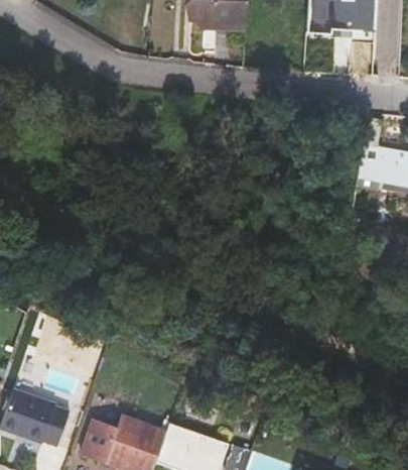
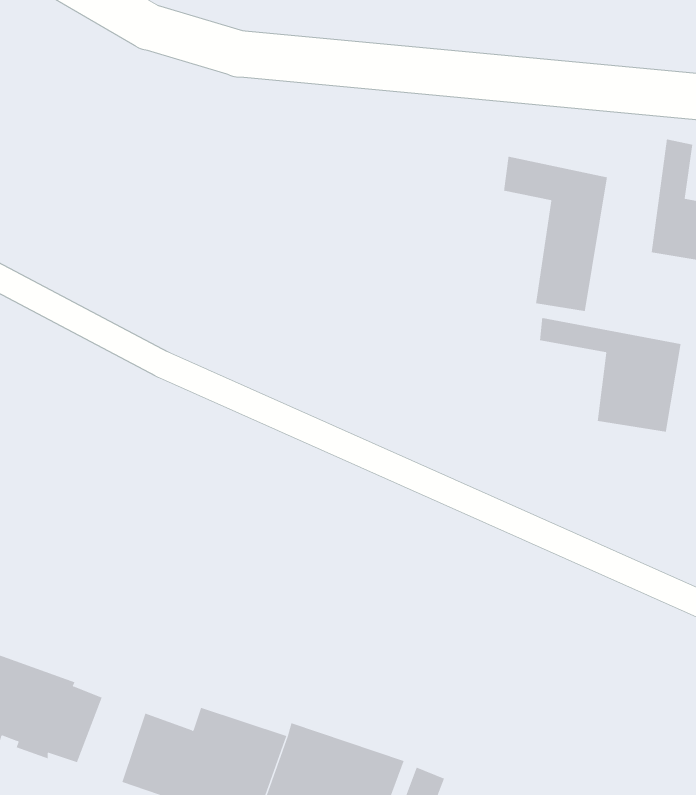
building: none -> [503,156,608,312]
building: none -> [539,317,681,433]

